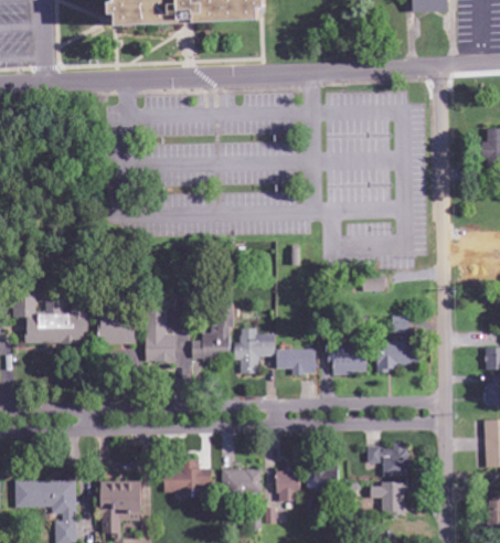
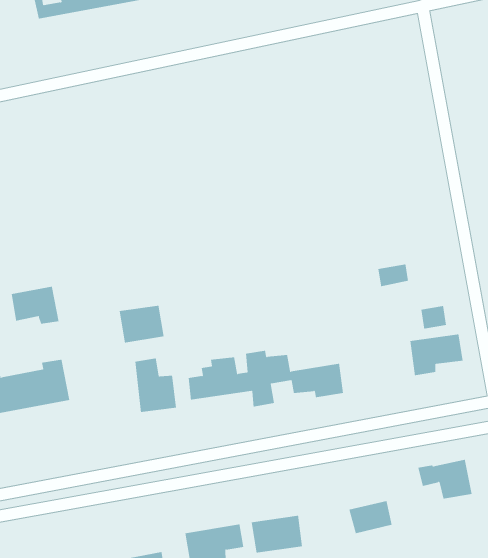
building: none -> [11,286,59,324]
building: [103,316,137,343] -> [119,305,164,343]
building: [327,347,369,374] -> none
building: [275,469,301,501] -> none
building: [370,482,405,514] -> none

